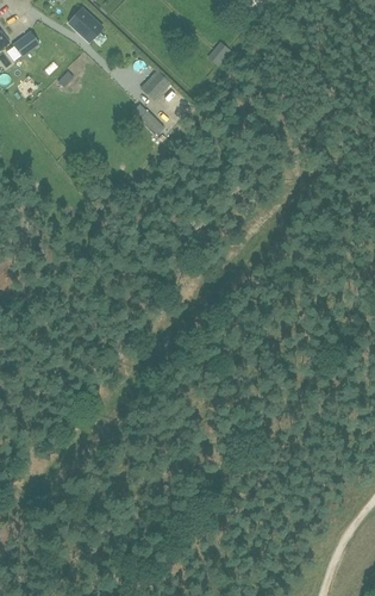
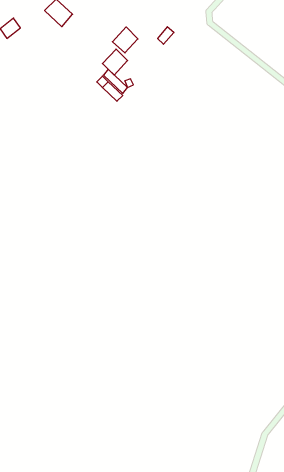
building: none -> [112,27,138,53]

